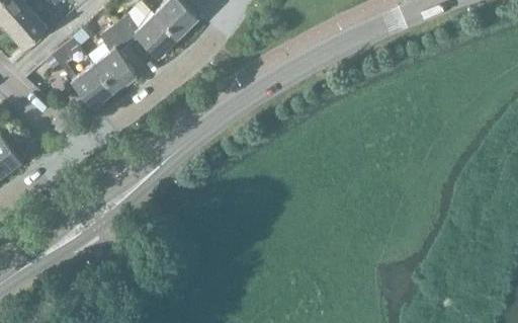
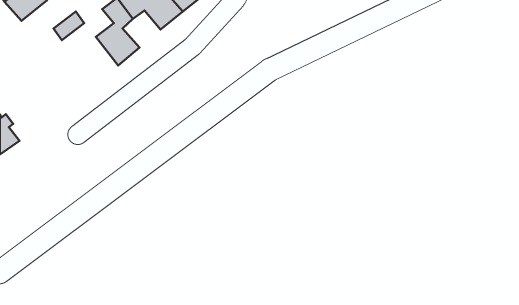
building: [63,63,114,107] -> none

